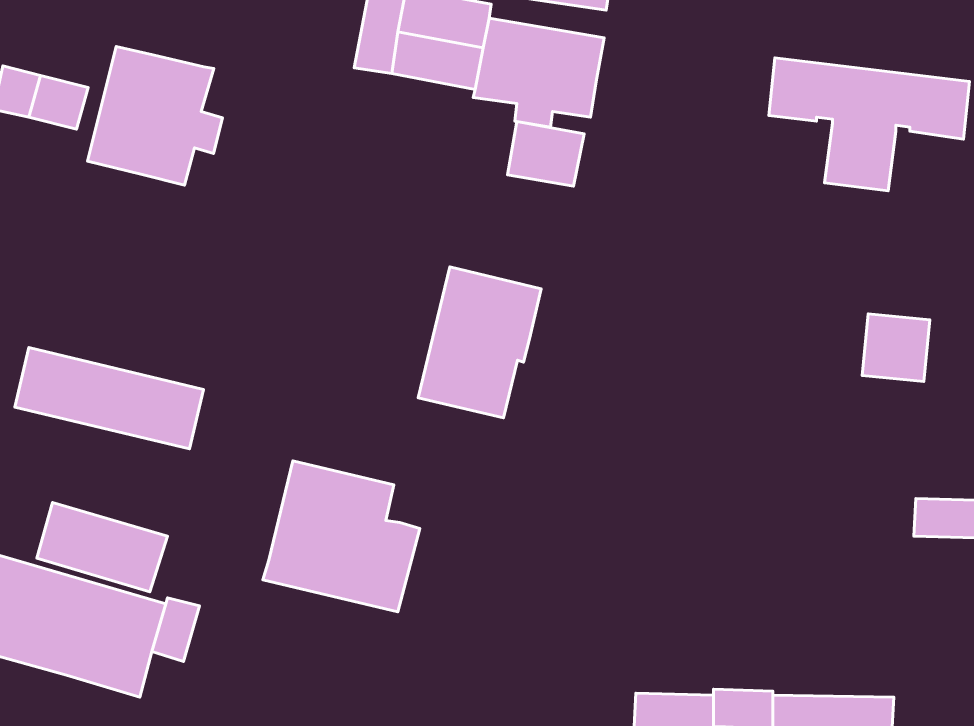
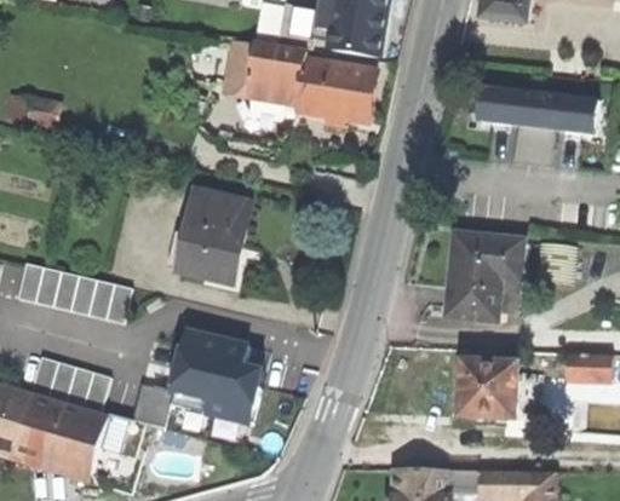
building: [87,46,223,185] -> none
building: [508,122,584,186] -> none
building: [418,267,541,418] -> [176,190,251,282]
building: none -> [443,234,522,319]
building: none -> [453,359,515,425]
building: none -> [131,382,171,426]

